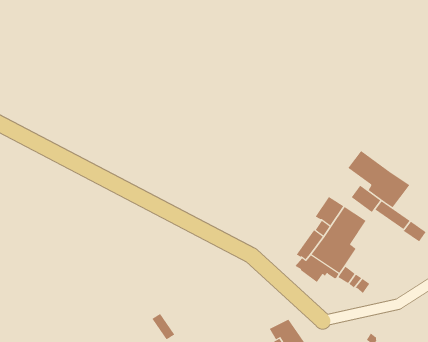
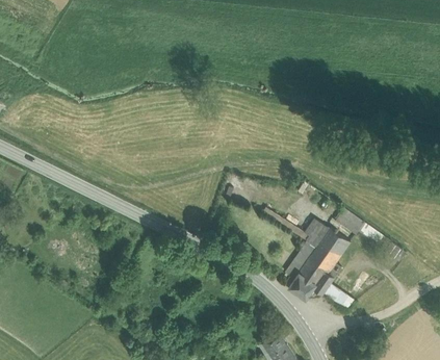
building: [348,150,410,208] -> none

